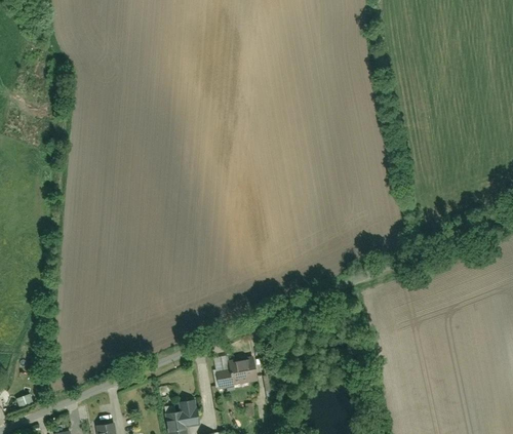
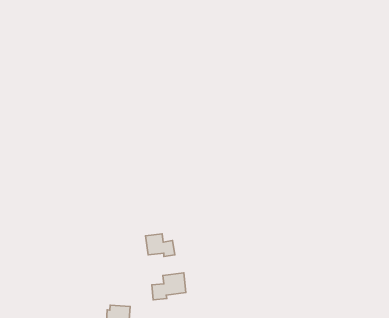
building: none -> [145,234,175,256]

